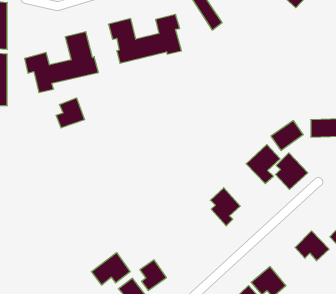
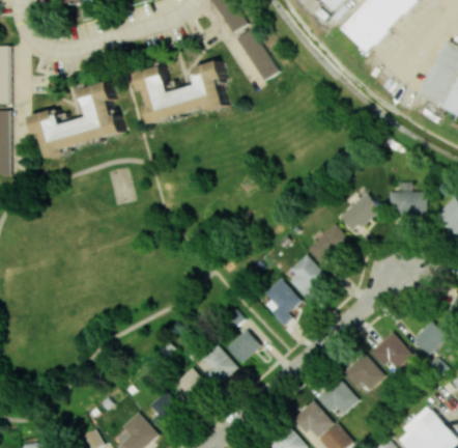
building: [56,98,84,128] -> none
building: [275,153,308,189] -> [288,253,328,299]
building: none -> [226,328,260,362]
building: none -> [200,343,237,387]
building: none -> [342,353,383,390]
building: [91,253,130,285] -> none

